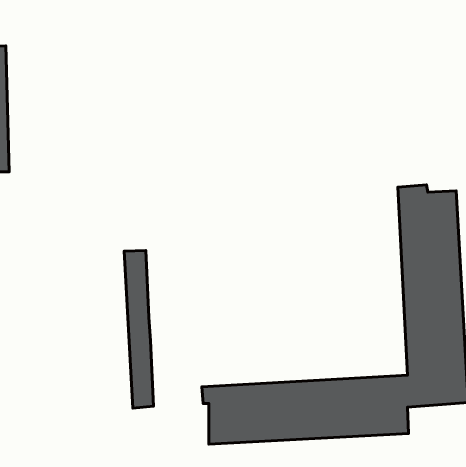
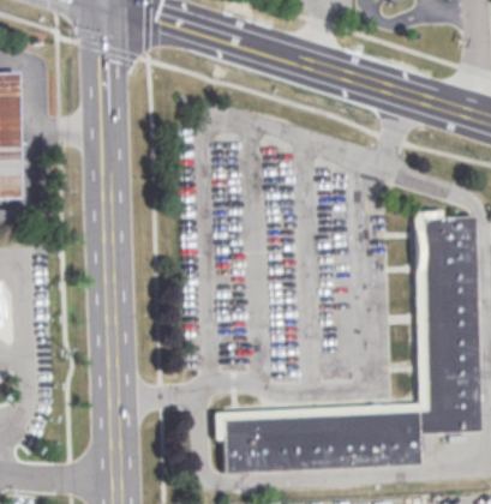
building: [124,250,154,408] -> none

